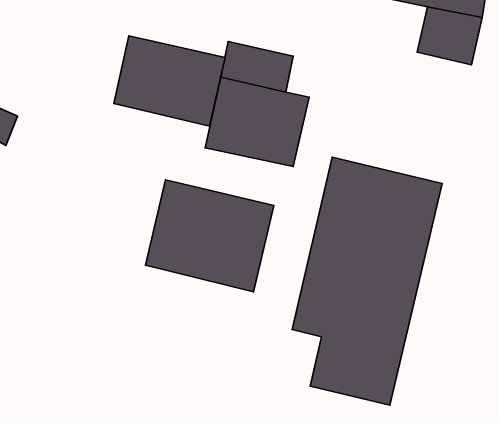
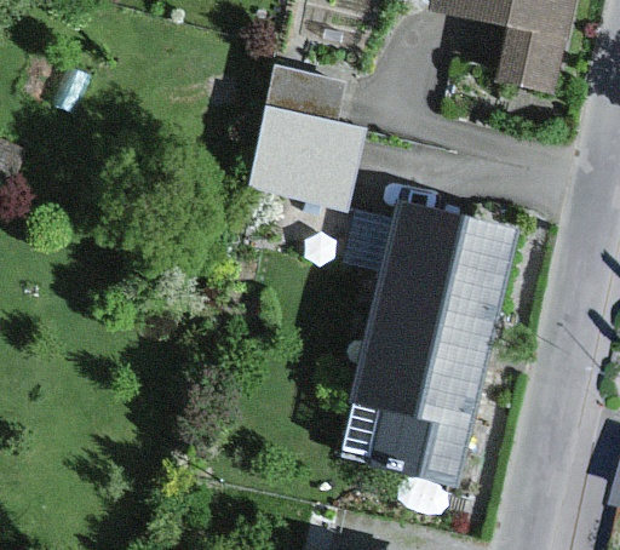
building: [114,36,225,126] -> none
building: [146,180,274,292] -> none

